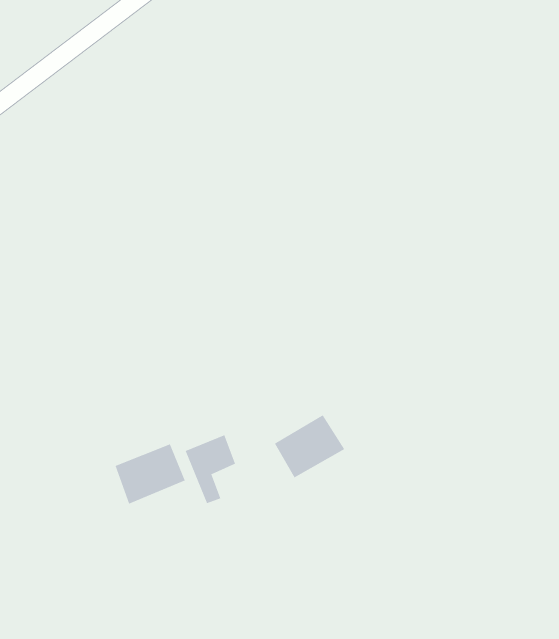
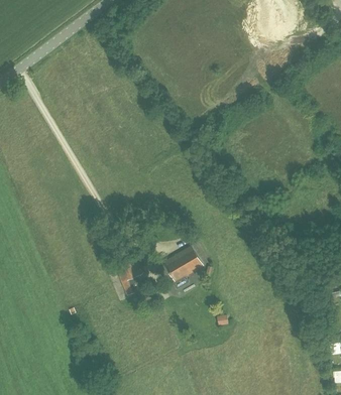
building: [115,443,186,504] -> none

